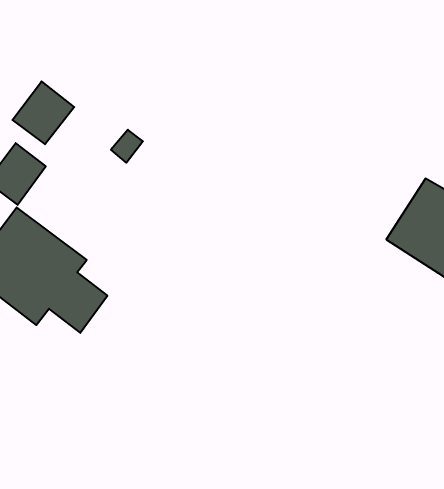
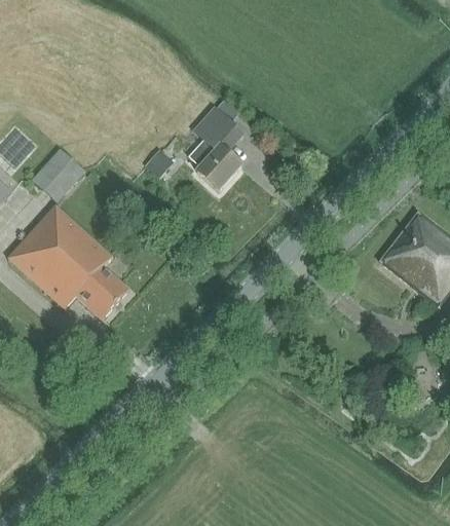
building: [12,81,74,144] -> none
building: none -> [188,108,243,192]

